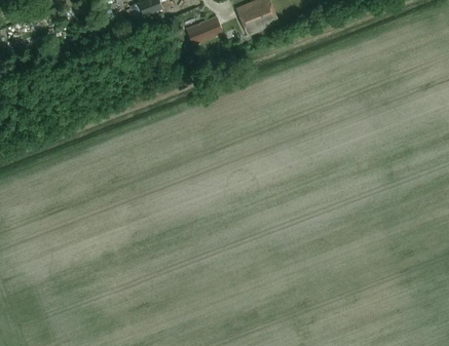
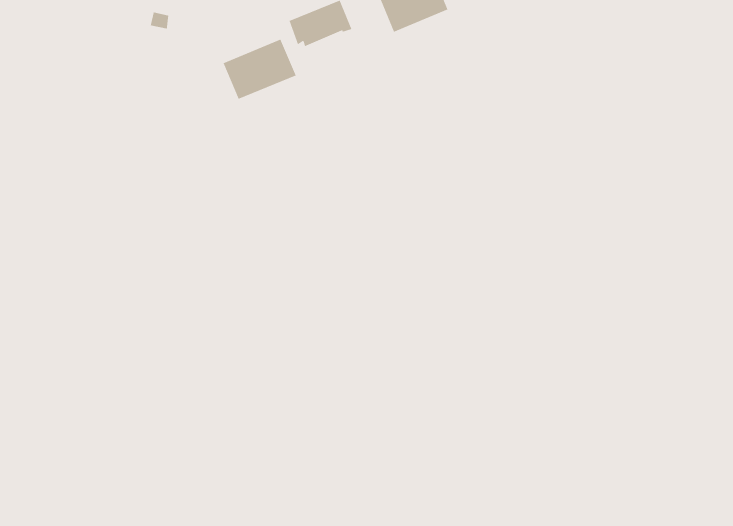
building: none -> [222,39,297,100]

